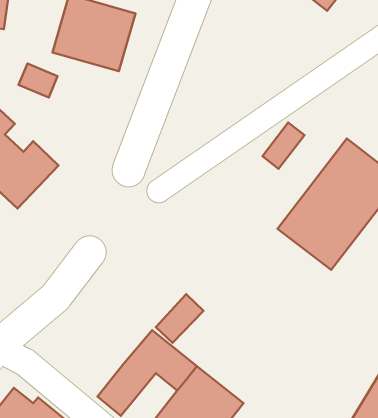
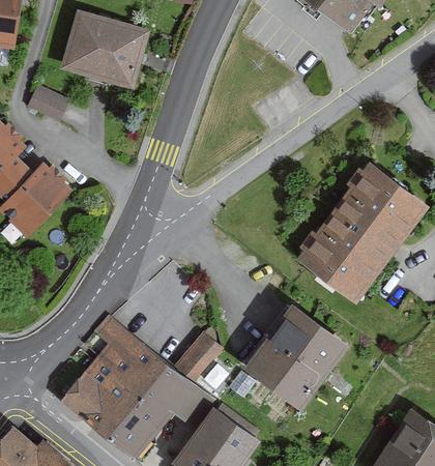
building: [262,122,304,169] -> none
building: none -> [240,303,345,408]
building: none -> [65,316,166,436]

